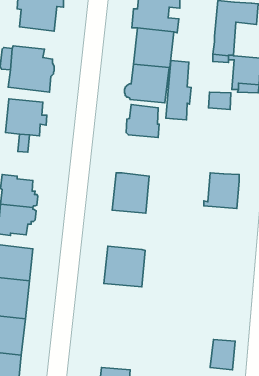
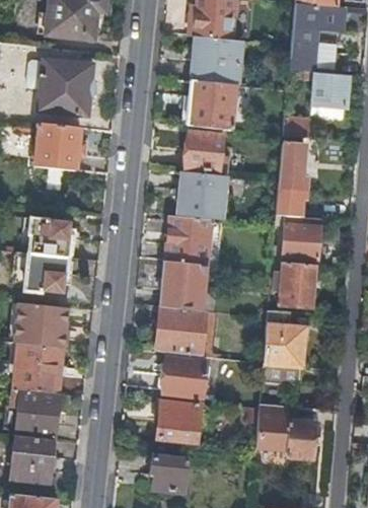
building: [166,60,191,120] -> [277,143,308,216]
building: none -> [177,172,226,220]
building: none -> [160,261,207,309]
building: none -> [279,261,315,306]
building: none -> [263,309,304,385]
building: none -> [162,356,206,396]
building: none -> [157,400,200,440]
building: none -> [256,403,291,453]

